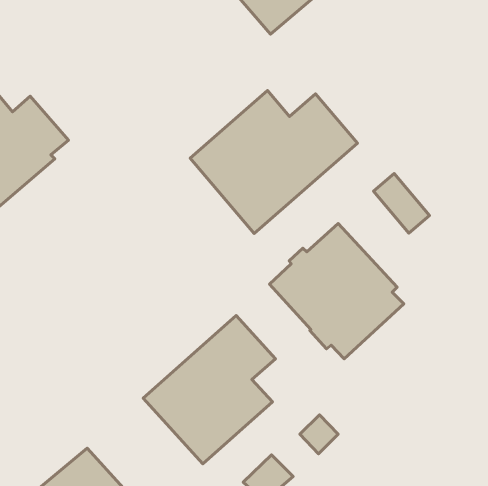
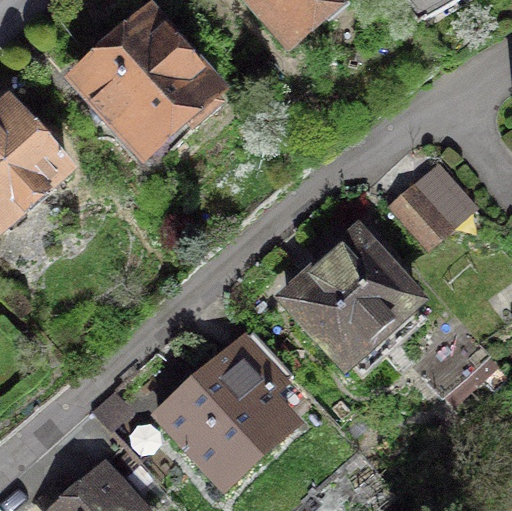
building: none -> [76,17,218,152]
building: [190,91,357,233] -> none

